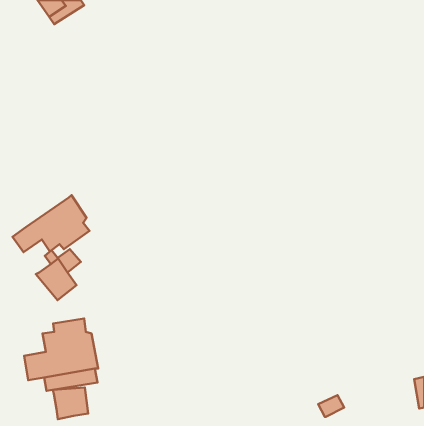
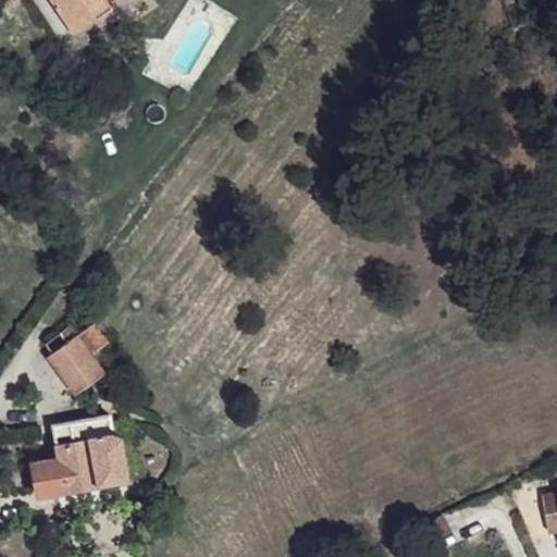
building: [13,195,89,252] -> none
building: [53,387,88,419] -> none

